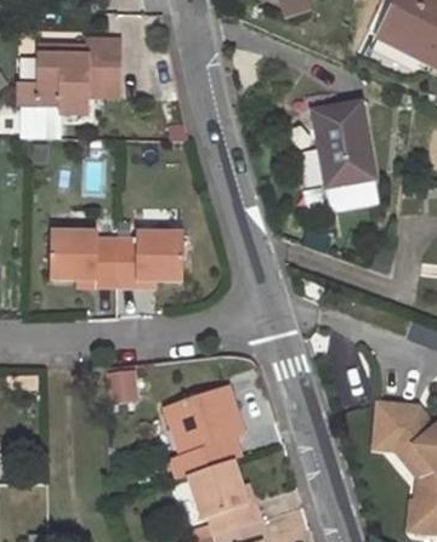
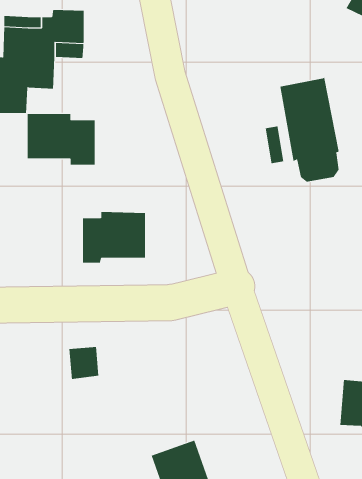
building: [51,235,119,286] -> [27,114,96,165]
building: [164,387,244,480] -> none

